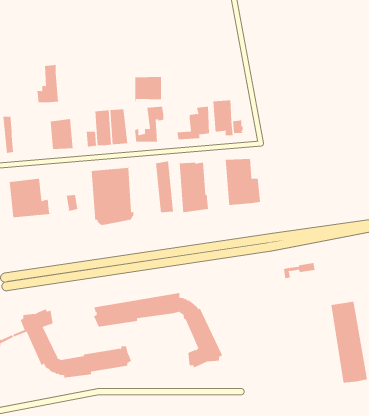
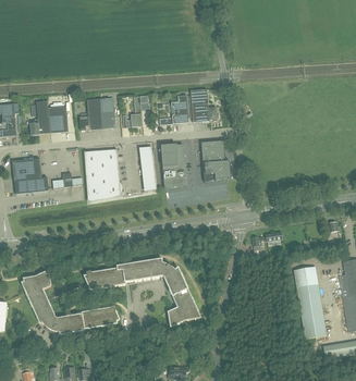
building: [37,64,59,103] -> [29,100,49,134]
building: [135,76,162,107] -> none

